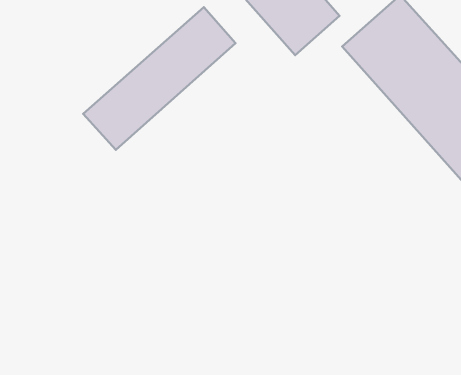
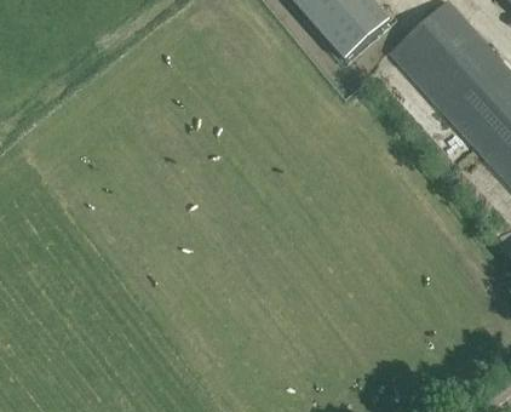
building: [83,7,236,150] -> none

